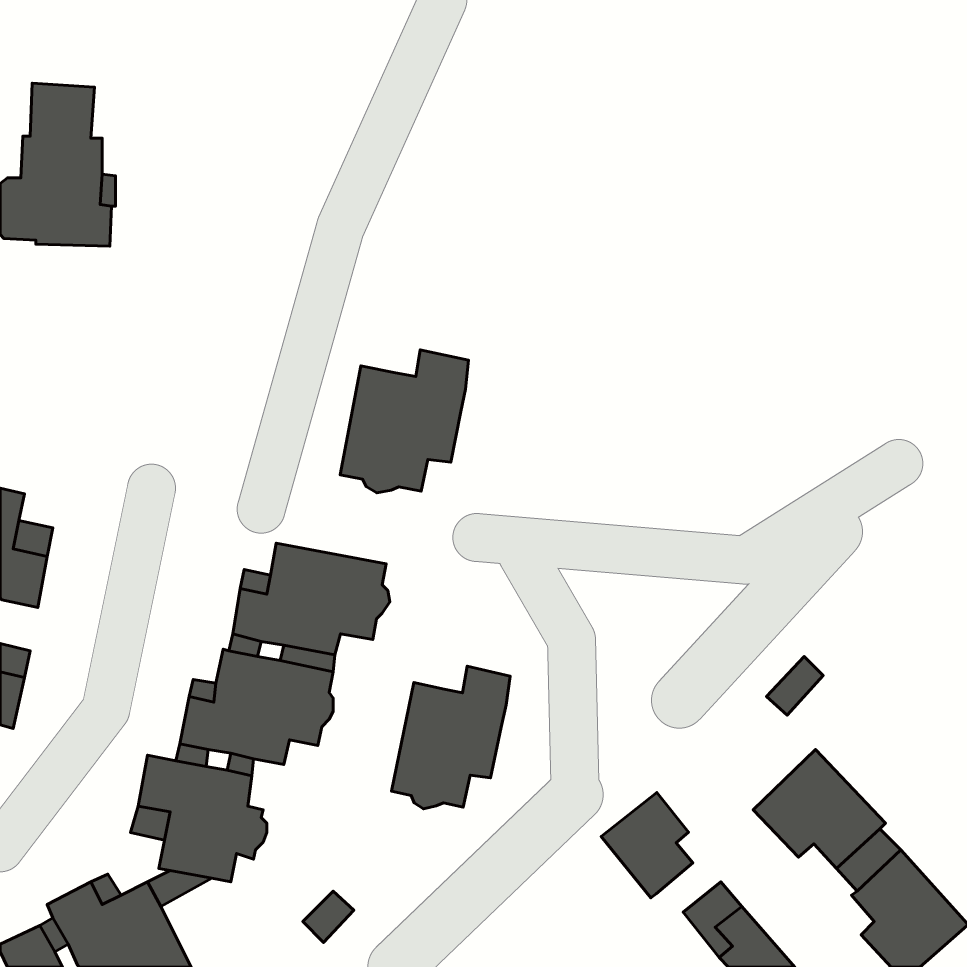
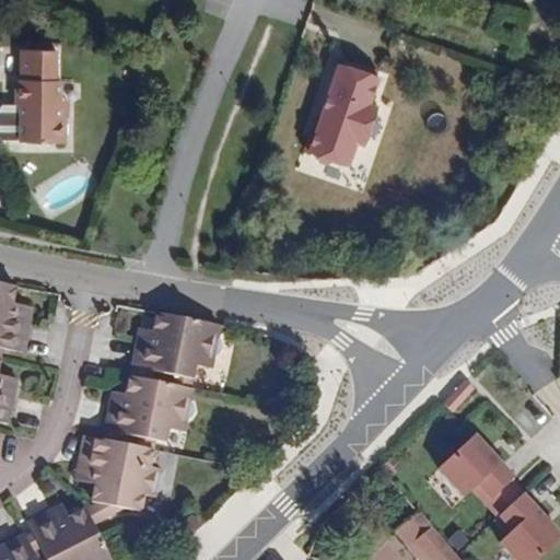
building: none -> [304,60,378,165]
building: [340,350,469,493] -> none
building: [391,666,510,809] -> none
building: [601,793,693,898] -> none

